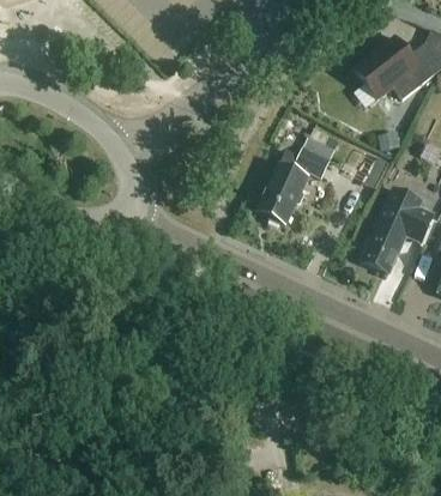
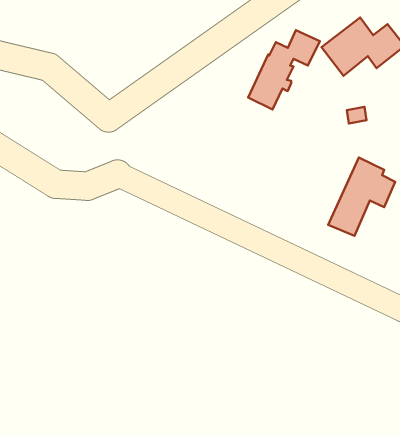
building: [258,137,336,223] -> [248,30,320,110]

